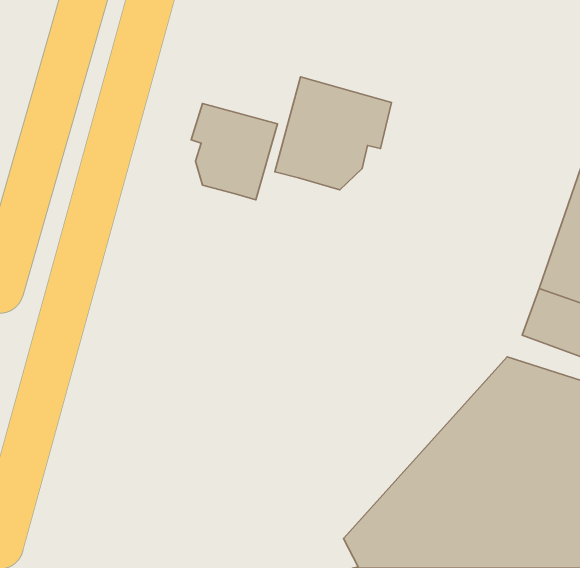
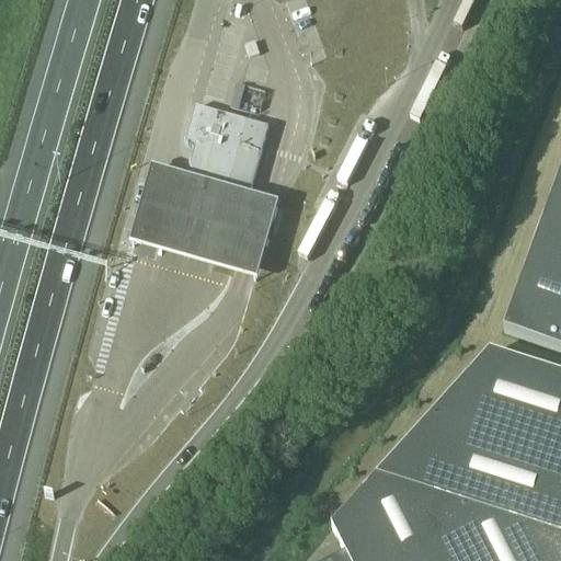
building: [275,77,392,190] -> none
building: none -> [128,169,280,280]

